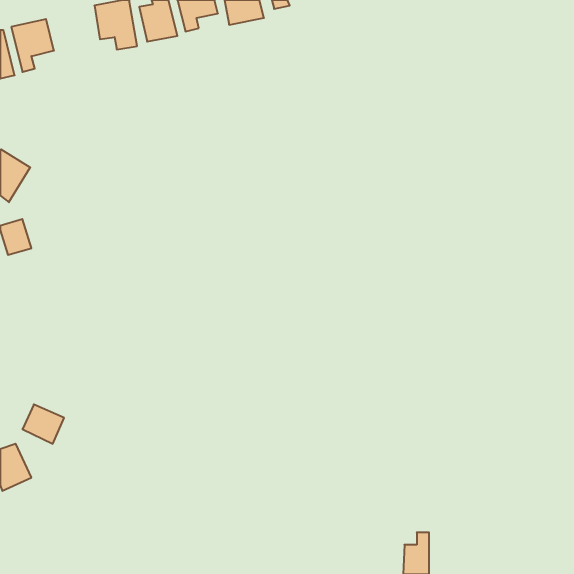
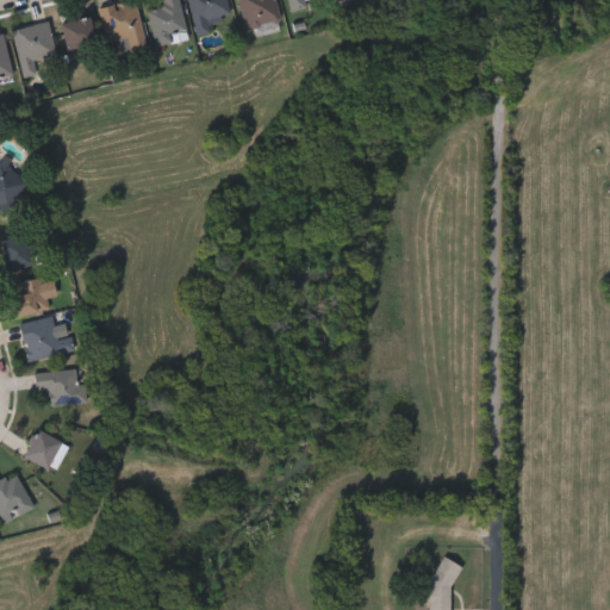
building: none -> [60,14,97,49]
building: none -> [14,278,48,311]
building: none -> [20,316,75,360]
building: none -> [33,367,87,405]

